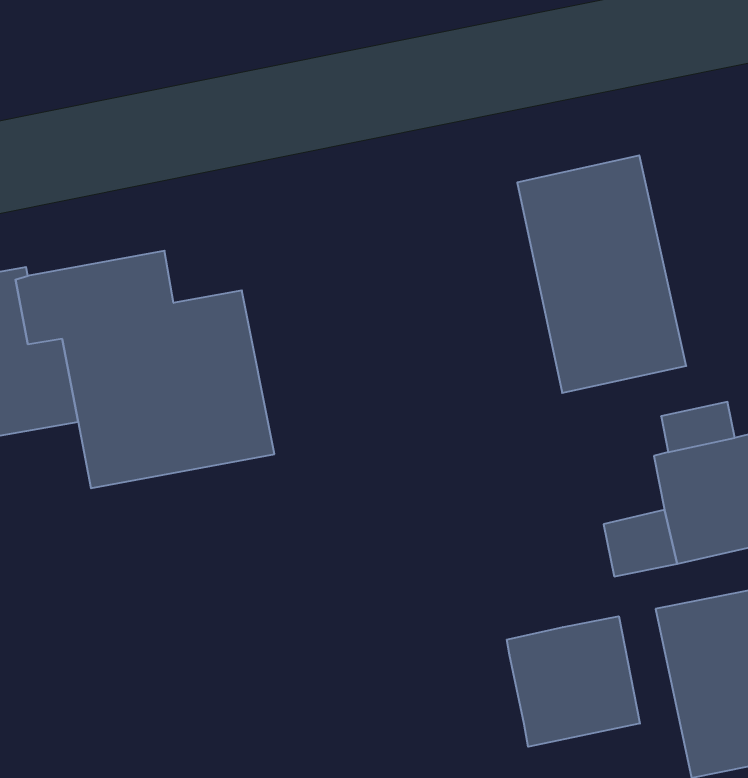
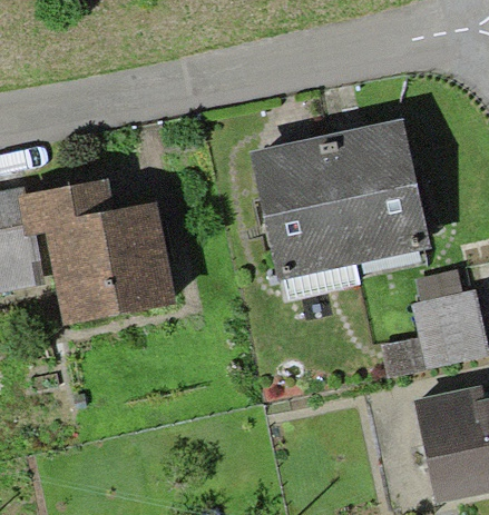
building: none -> [248,135,354,281]
building: [507,616,640,747] -> none

